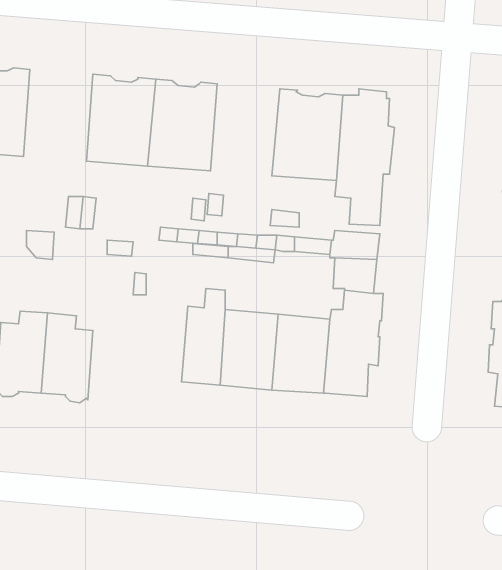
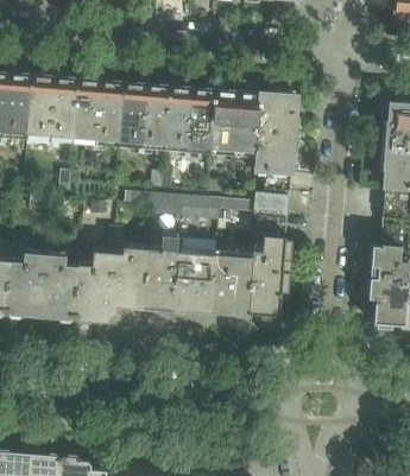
building: none -> [26,75,77,142]
building: none -> [164,85,215,153]
building: none -> [74,248,147,322]

